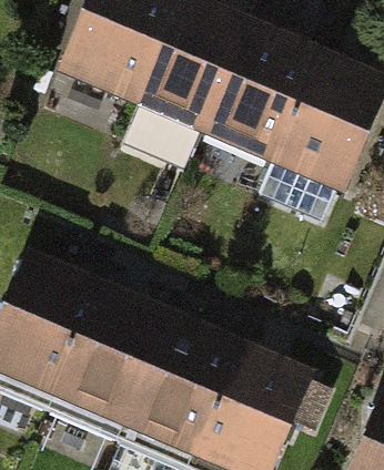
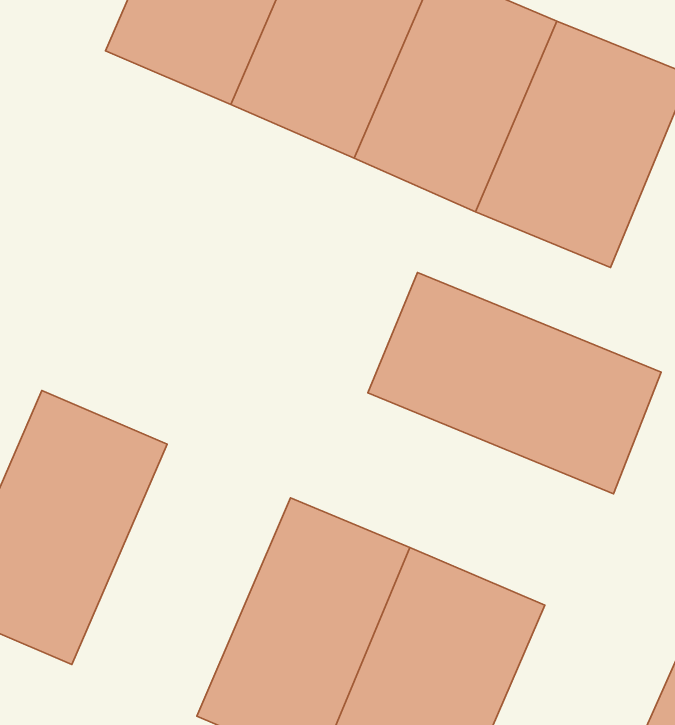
building: none -> [368,273,661,494]
building: [43,288,165,440] -> none

